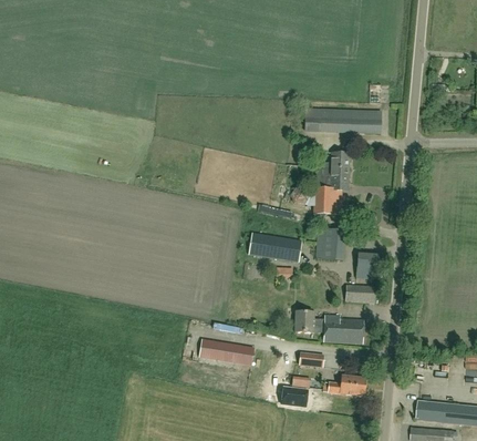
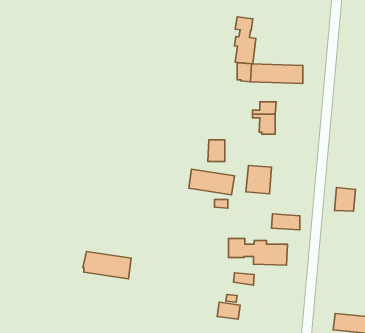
building: none -> [234,17,256,64]
building: [313,188,333,214] -> [208,140,225,162]
building: [355,252,380,279] -> [335,188,356,211]
building: [197,338,253,370] -> [83,251,131,279]
building: [328,375,366,396] -> none

